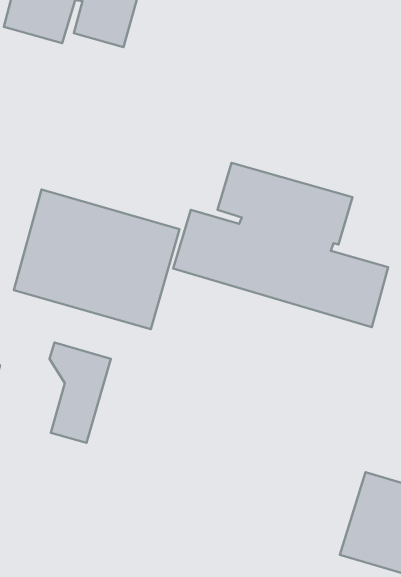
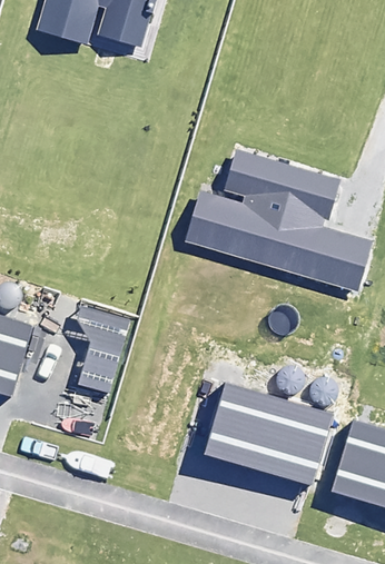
building: [14,189,180,329] -> none
building: none -> [203,382,333,485]

